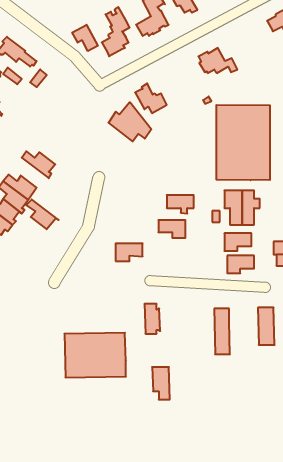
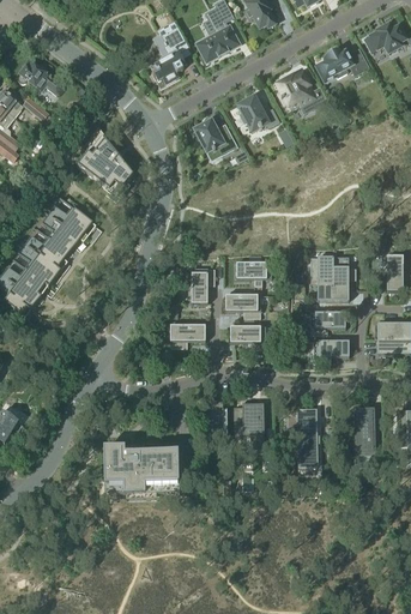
building: [72,25,98,51] -> none
building: none -> [318,48,369,79]
building: none -> [238,95,279,130]
building: [108,102,151,141] -> [78,138,133,188]
building: [216,105,270,180] -> none
building: none -> [192,266,214,302]
building: [26,199,59,229] -> [42,213,84,252]
building: none -> [230,325,265,348]
building: [152,367,170,400] -> [242,403,265,445]

